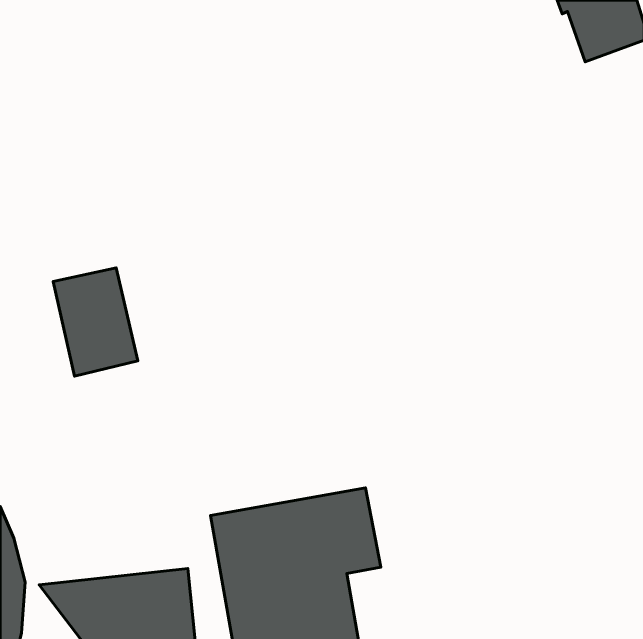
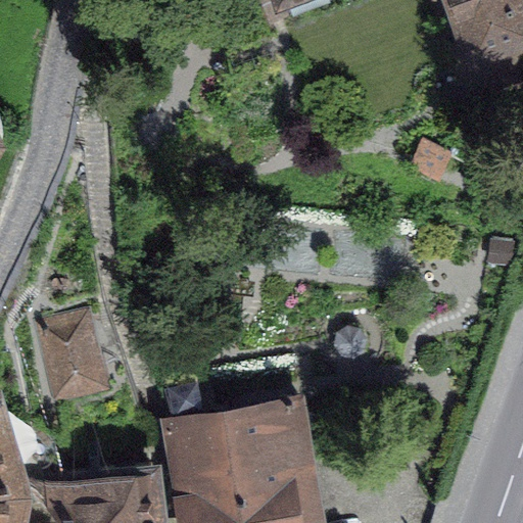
building: [53,268,138,376] -> [38,313,106,400]

